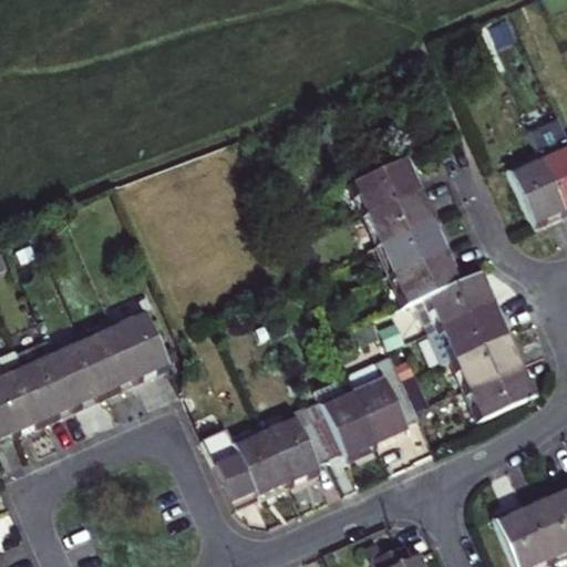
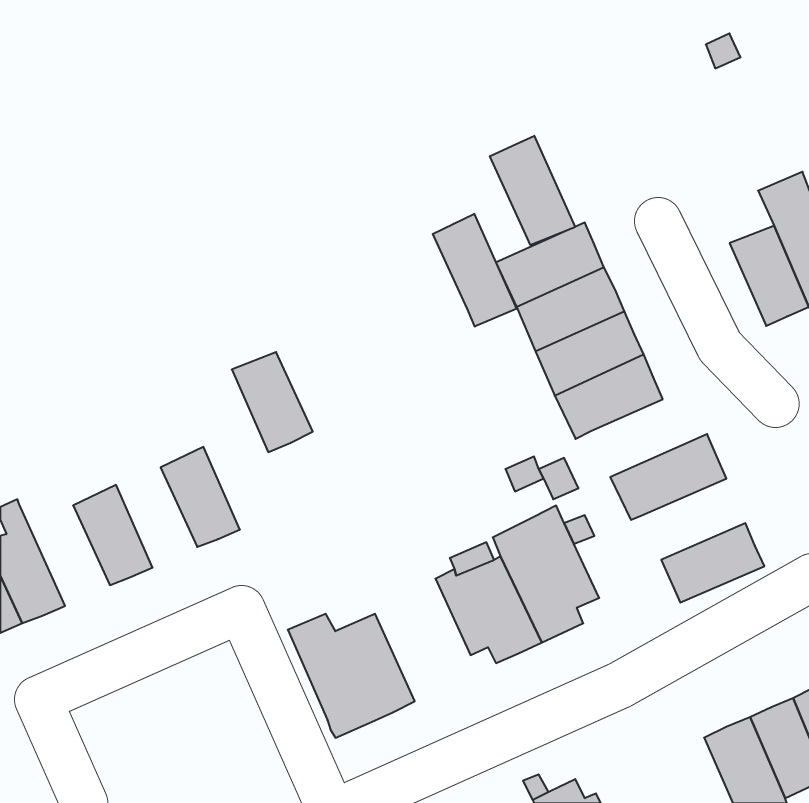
building: none -> [490,136,575,245]
building: none -> [433,214,517,327]
building: [414,270,495,332] -> none
building: [83,326,140,395] -> [232,352,313,452]
building: [450,333,522,390] -> none
building: [16,338,79,422] -> none
building: [264,401,330,488] -> none

